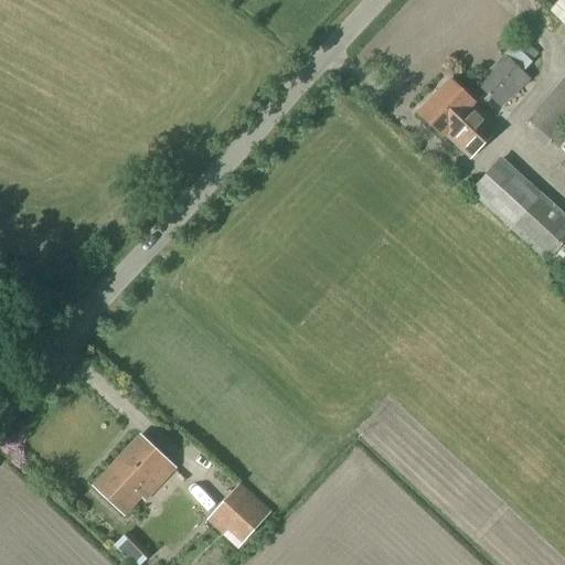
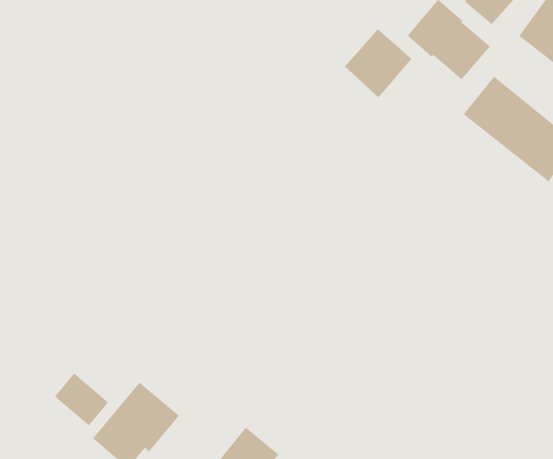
building: none -> [344,28,412,98]
building: none -> [54,373,109,426]

